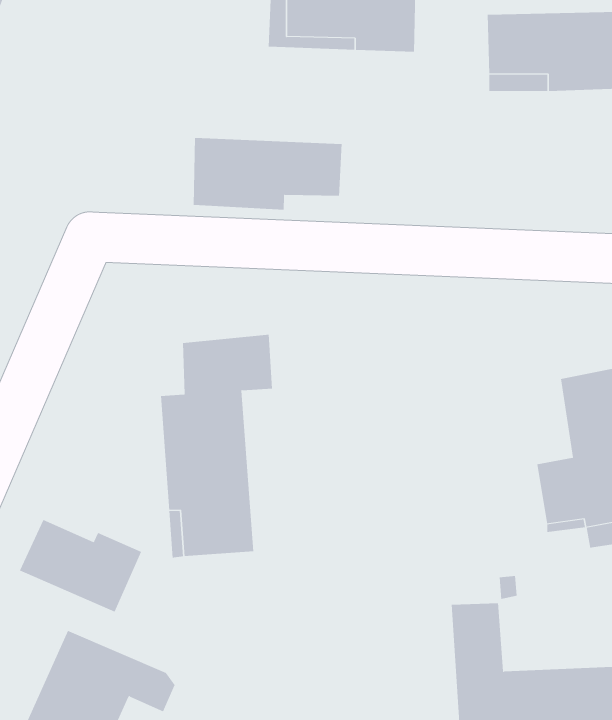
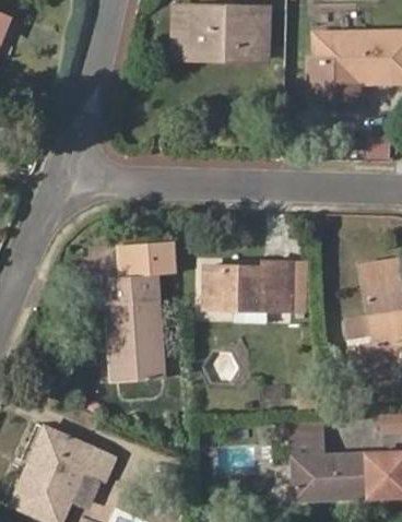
building: [193,137,342,211] -> none
building: none -> [206,262,292,309]
building: [19,519,142,613] -> none

